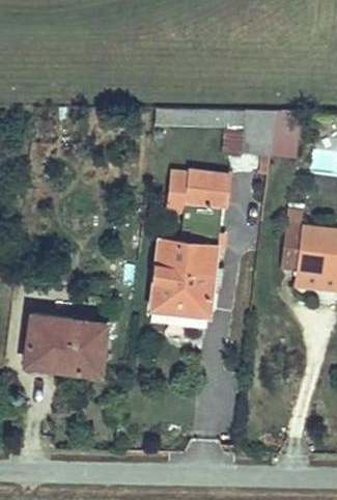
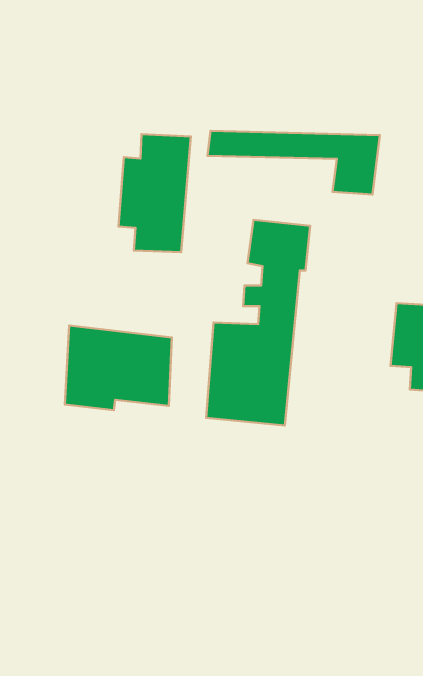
building: none -> [119,134,191,252]
building: [31,316,106,376] -> [65,325,172,410]

